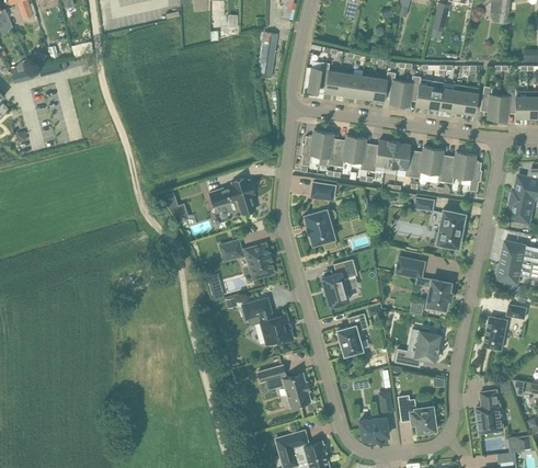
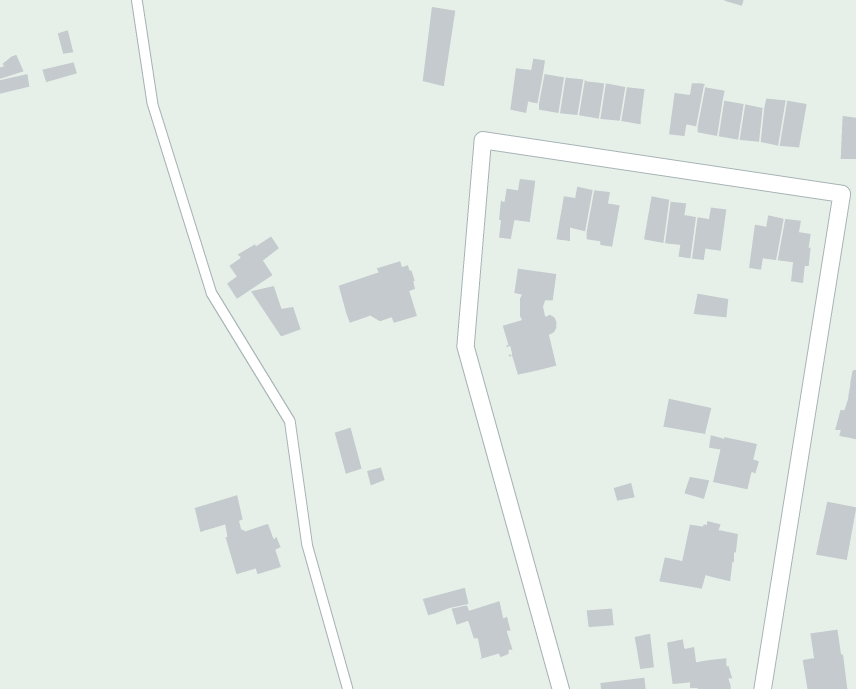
building: [384,72,402,106] -> none
building: [480,87,499,121] -> none
building: [318,133,339,167] -> none
building: [367,141,389,173] -> none
building: [430,149,448,183] -> none
building: none -> [226,236,280,300]
building: [436,210,465,249] -> none
building: [219,240,274,279] -> none
building: [322,260,357,307] -> none
building: [242,298,293,344] -> [194,495,282,575]
building: [336,313,368,356] -> none

